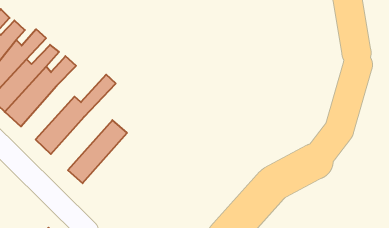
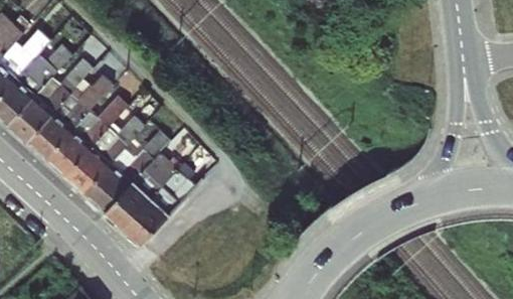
building: none -> [46,95,130,176]
building: none -> [83,129,171,214]
building: none -> [123,161,196,245]

